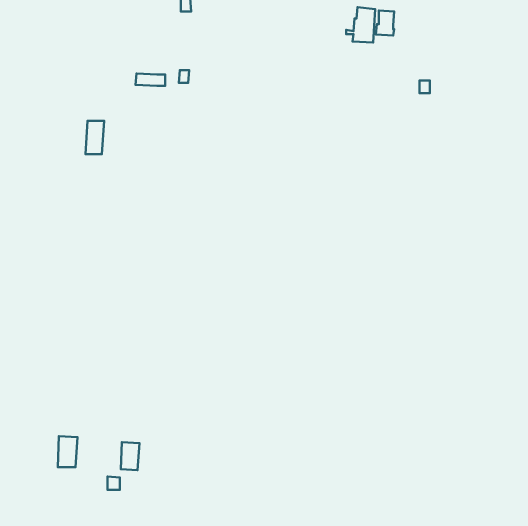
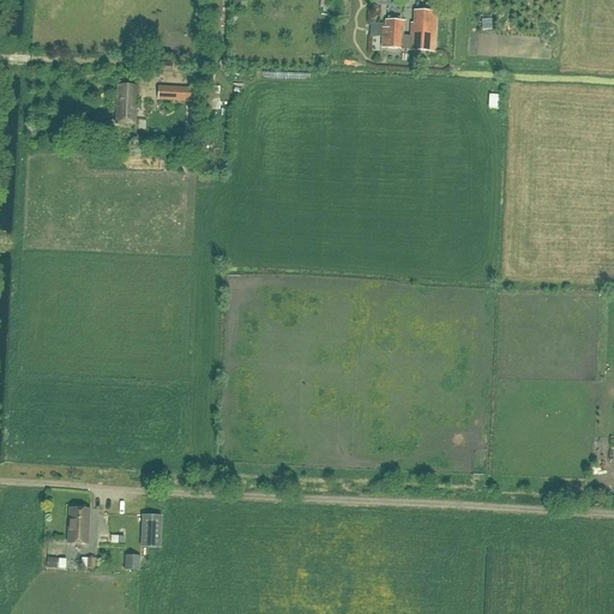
building: [376,11,394,35] -> [381,18,403,47]
building: [85,121,104,154] -> [115,84,137,122]

